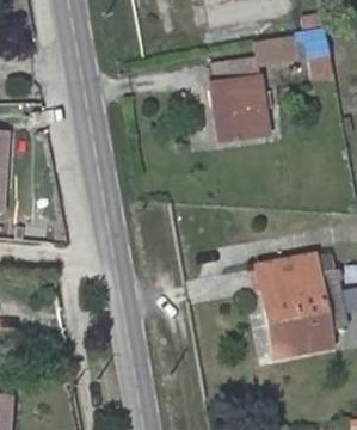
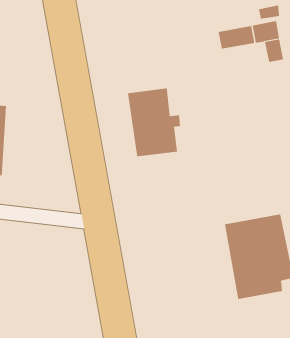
building: [209,60,271,140] -> [127,88,181,157]

